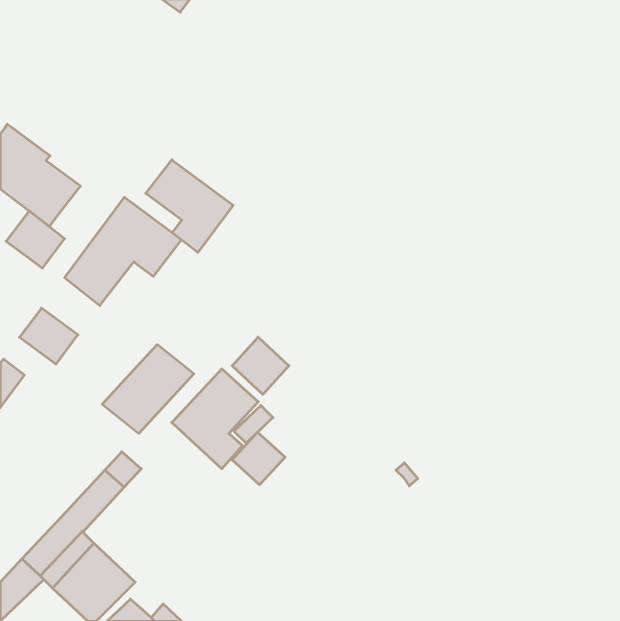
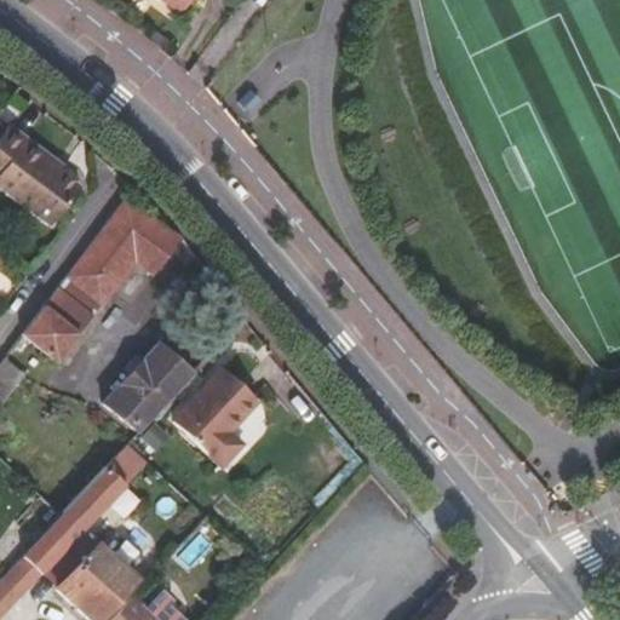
building: [146,160,233,252] -> none
building: [6,211,65,268] -> [44,276,102,333]
building: [232,337,289,394] -> none
building: [232,432,285,485] -> none

